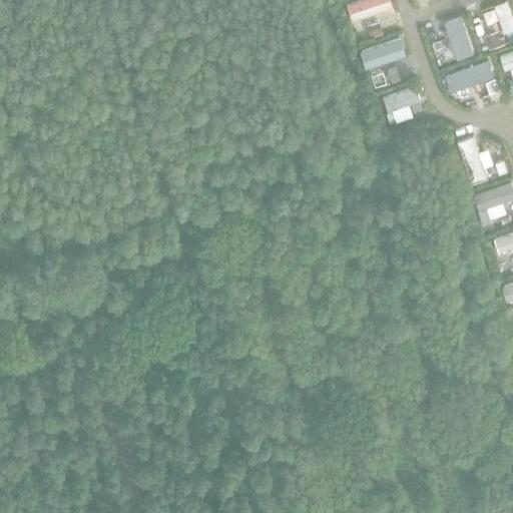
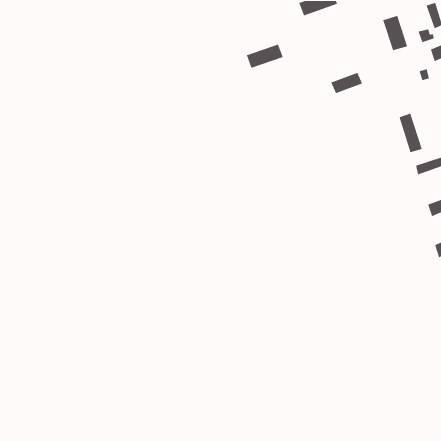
building: [363,37,407,66] -> [246,44,284,69]
building: [443,61,494,93] -> none

